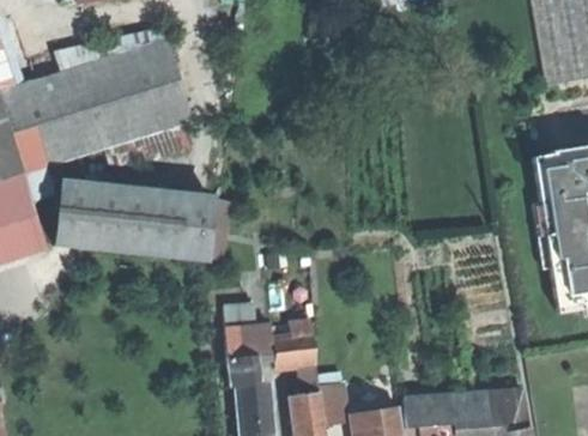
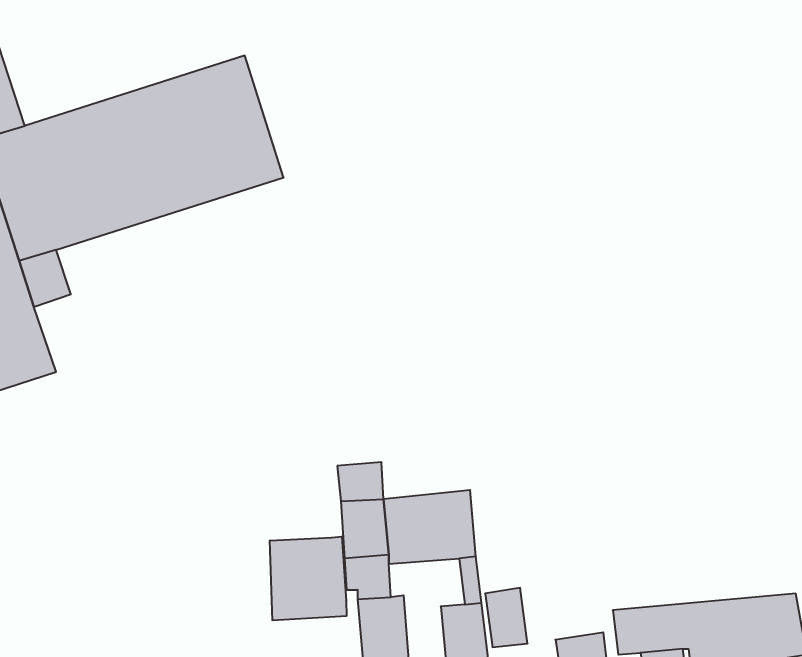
building: [54,180,214,260] -> none
building: none -> [270,536,346,620]

